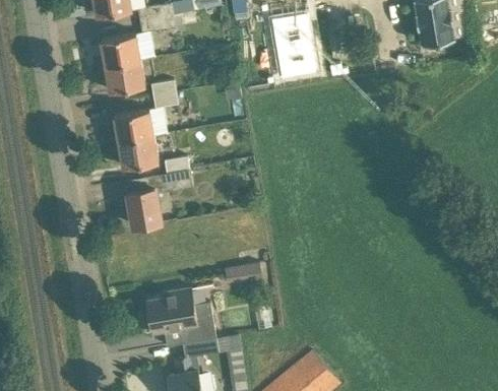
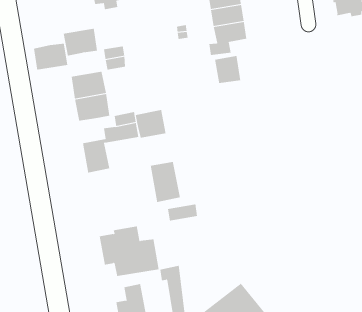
building: [100,35,140,66] -> [33,43,68,70]
building: none -> [214,55,241,84]
building: none -> [135,109,166,139]
building: none -> [150,161,180,203]

